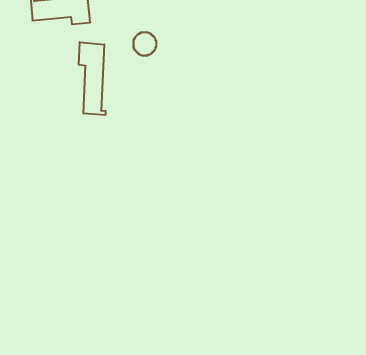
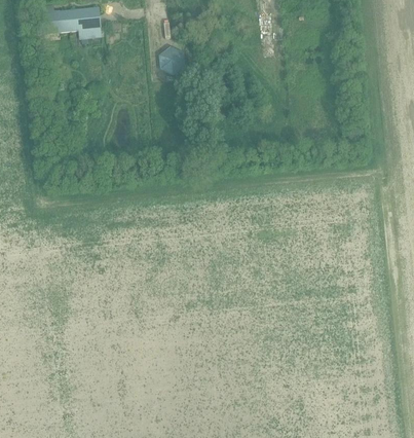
building: [79,42,105,115] -> none

